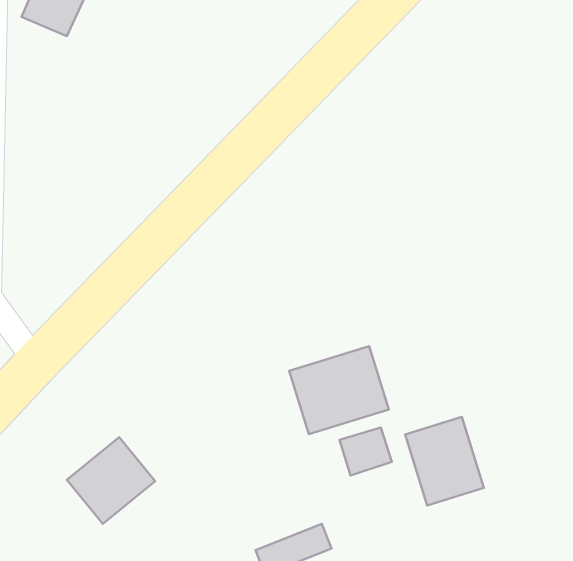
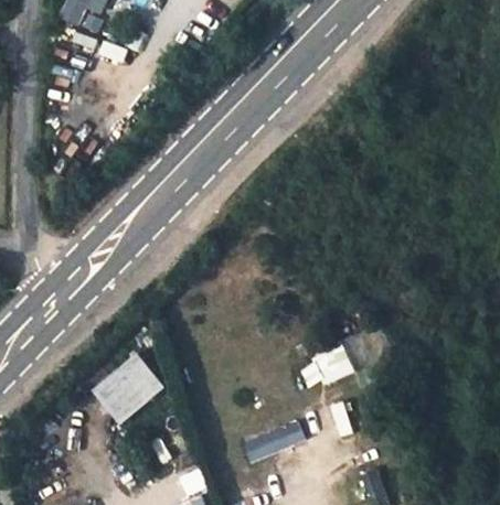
building: [289,346,389,434] -> none
building: [405,417,484,505] -> none

